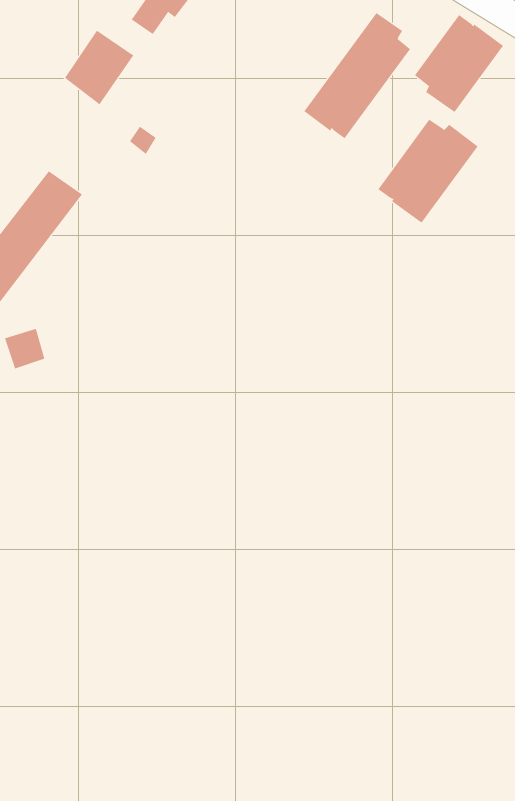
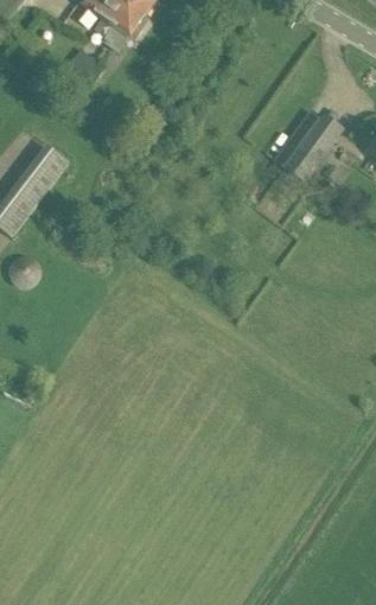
building: [304,12,411,139] -> none
building: [414,14,504,113] -> none

